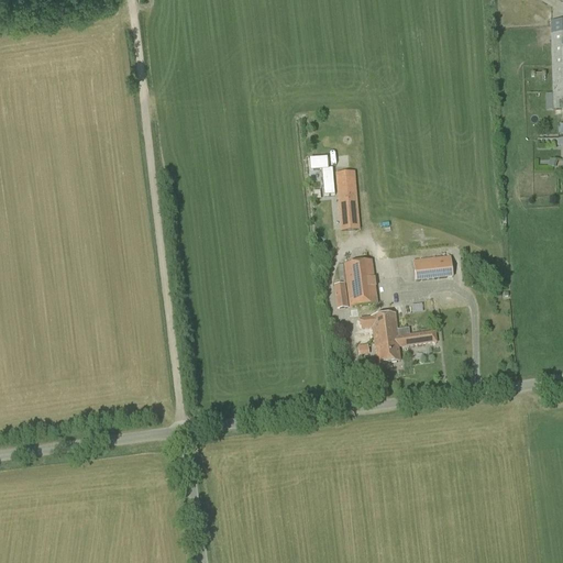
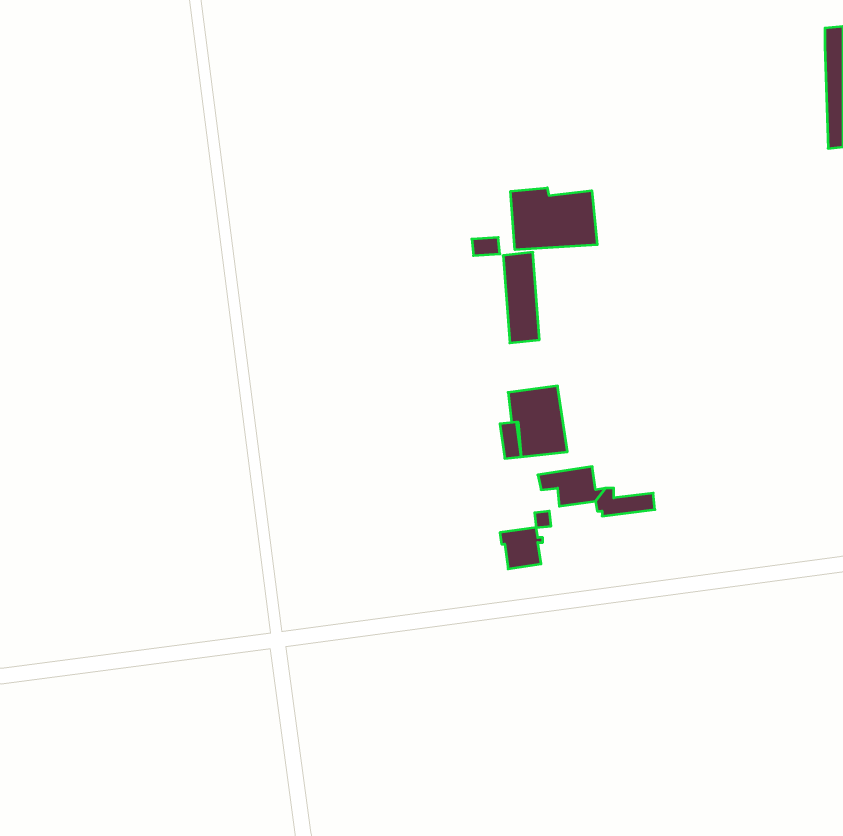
building: none -> [511,188,597,250]
building: [412,253,453,278] -> none
building: [373,334,401,362] -> [500,528,543,569]

